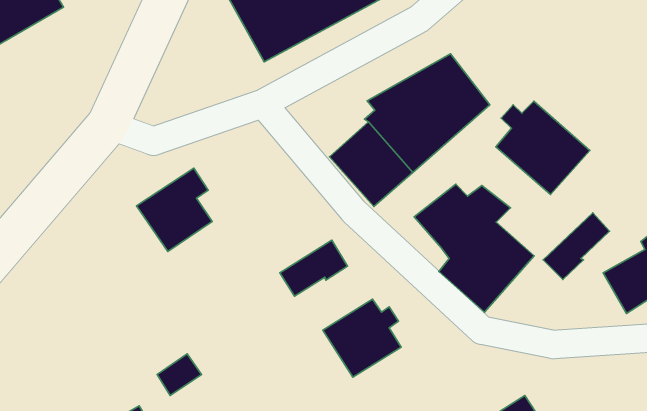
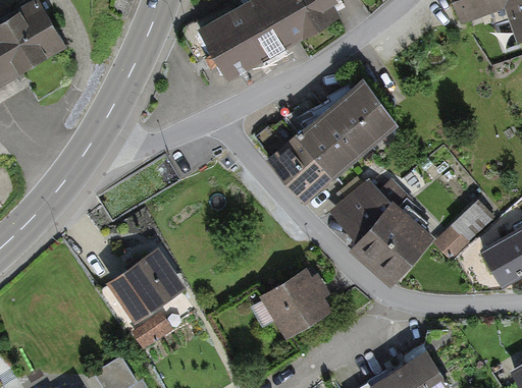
building: [496,101,590,195] -> none
building: [136,168,212,251] -> [113,252,172,317]
building: [280,240,347,296] -> none

